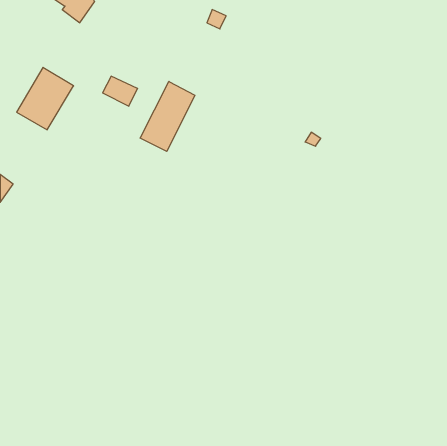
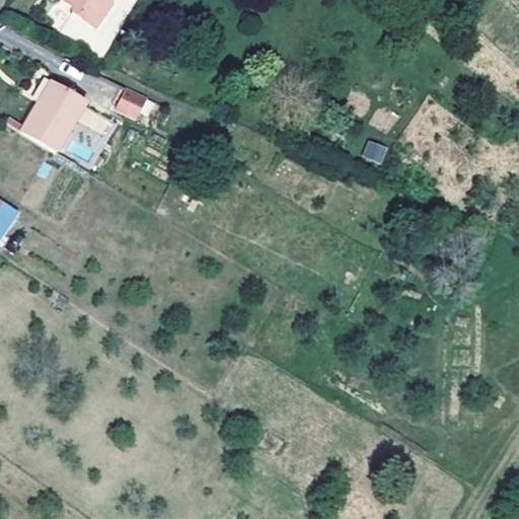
building: [140,81,195,151] -> none

